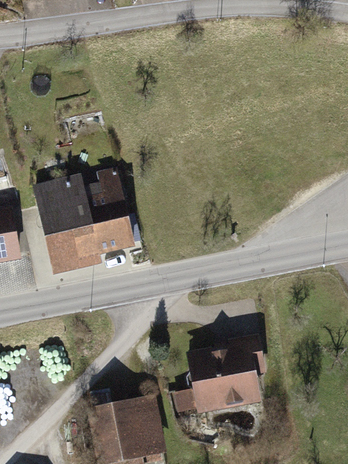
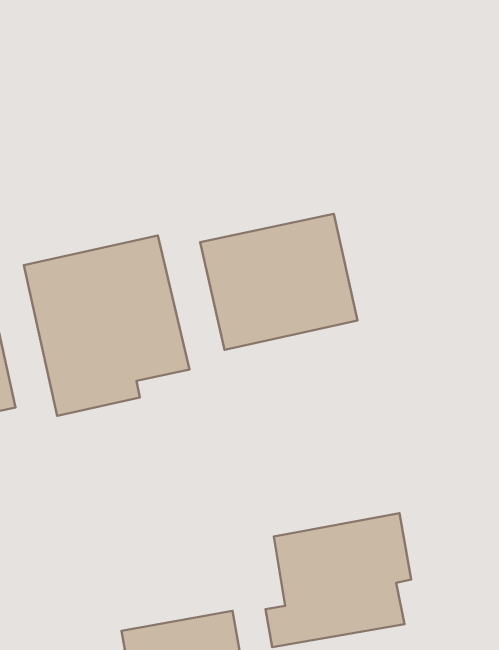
building: none -> [200,214,357,350]

